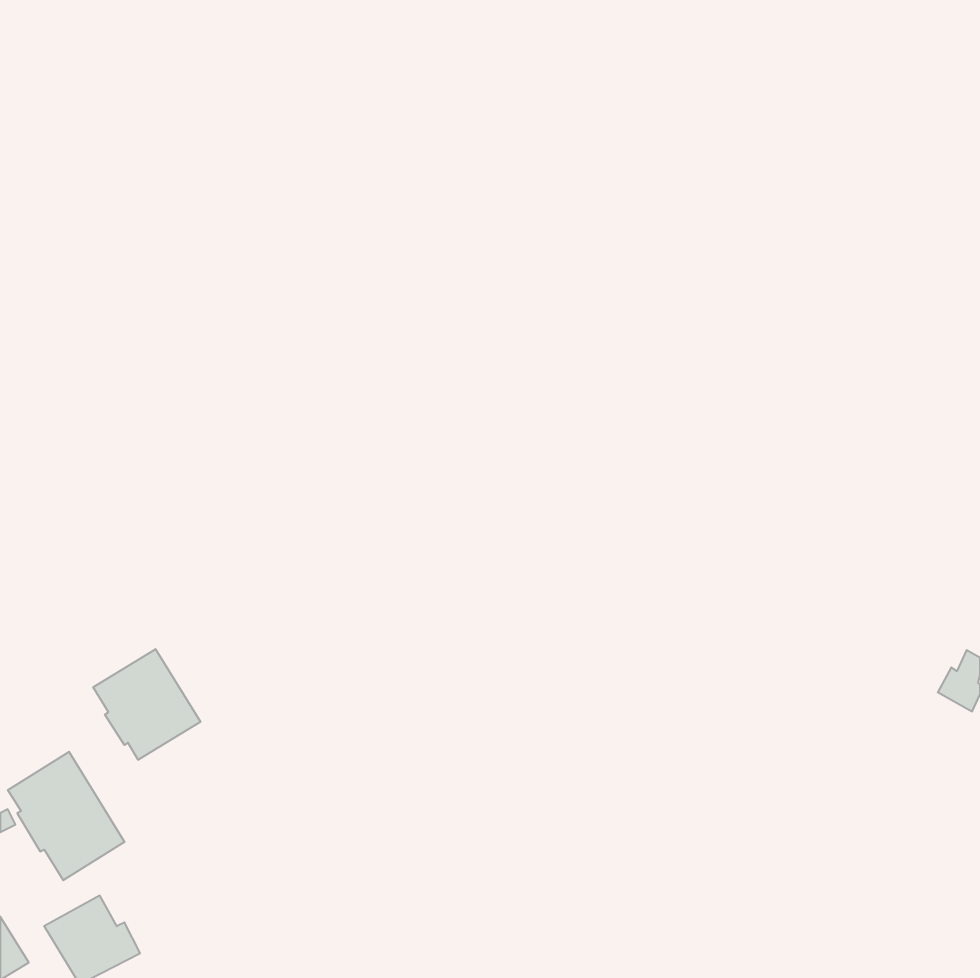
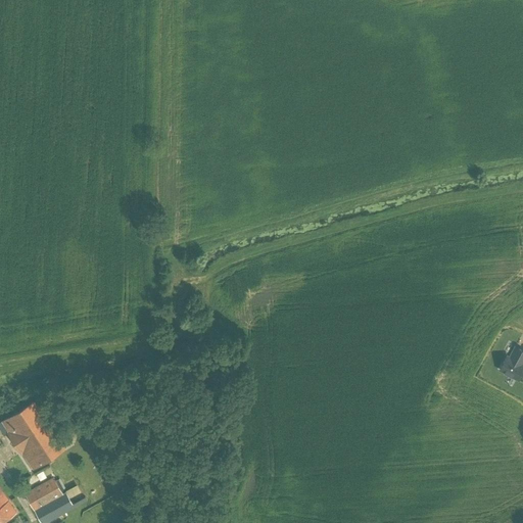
building: [93,649,200,760] -> none

